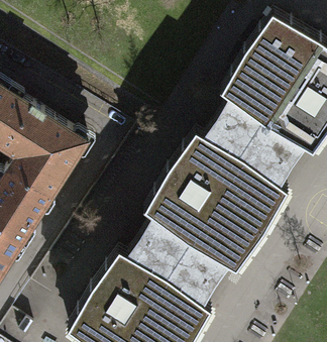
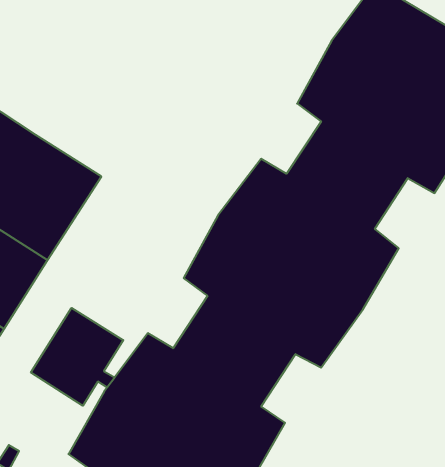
building: none -> [31,308,123,406]

